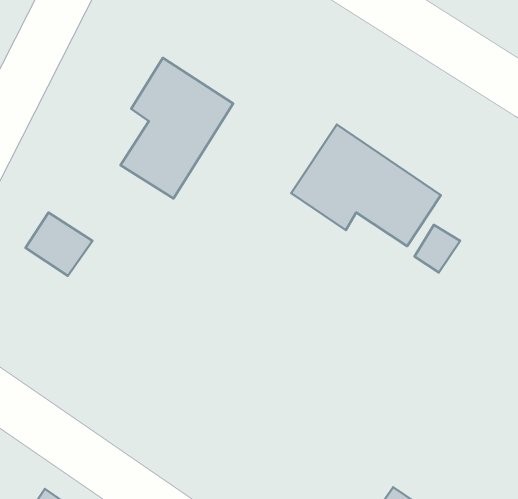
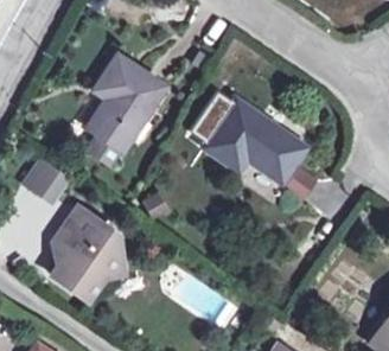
building: none -> [47,204,121,299]

